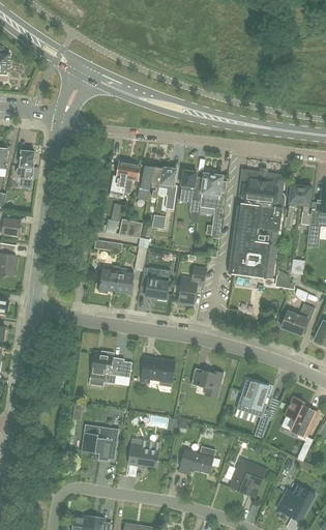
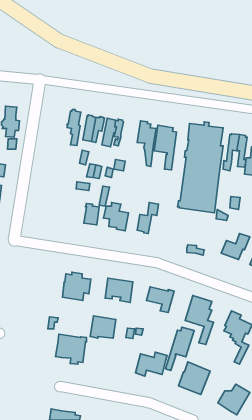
building: [159,166,176,209] -> [67,109,81,146]
building: [96,264,118,293] -> none
building: none -> [166,327,194,370]
building: [128,439,159,466] -> [90,316,116,338]

